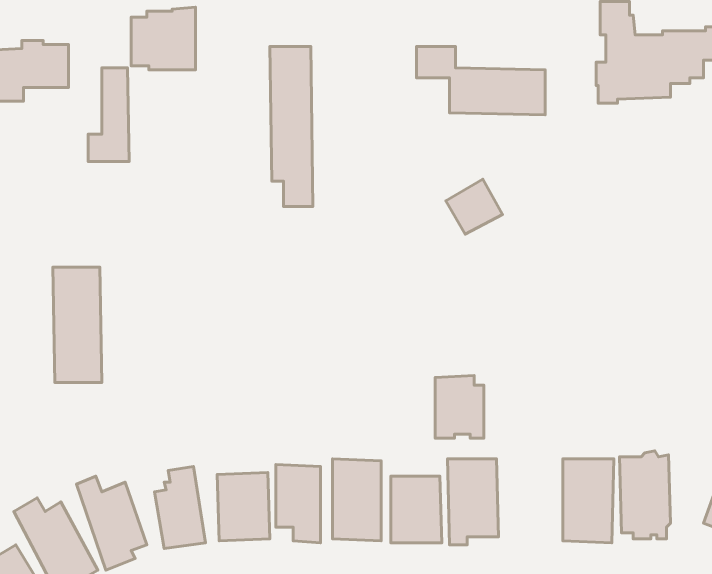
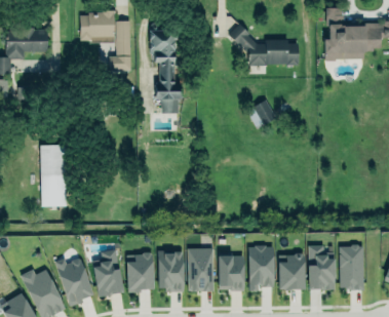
building: [88,68,129,162] -> [111,21,132,70]
building: [435,376,484,438] -> [279,252,305,285]

